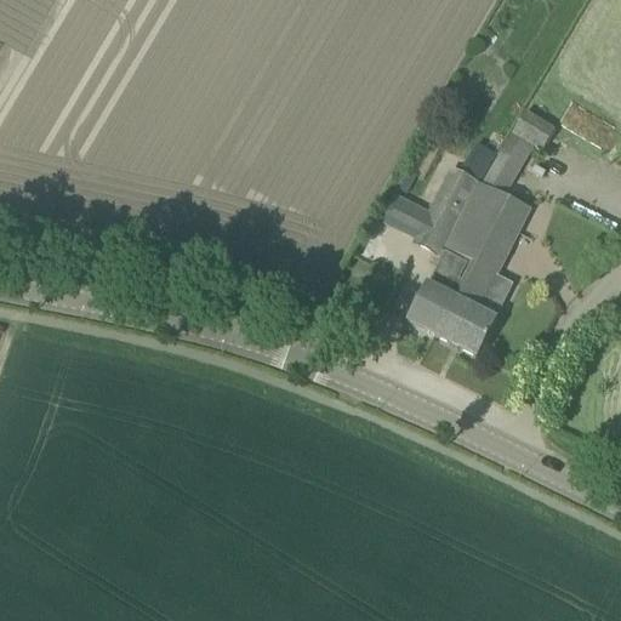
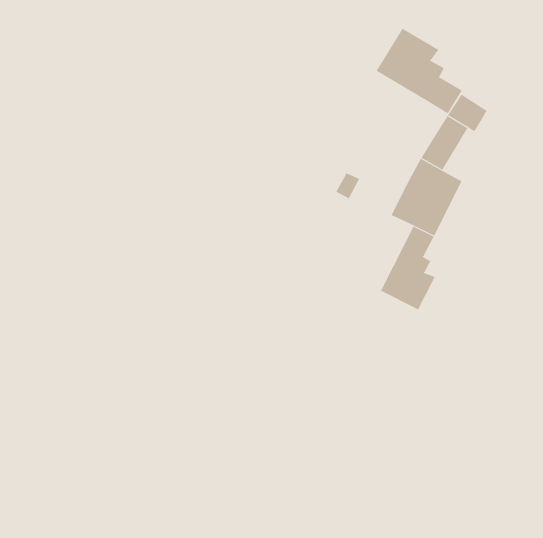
building: none -> [376,28,462,114]
building: [409,165,477,331] -> none

